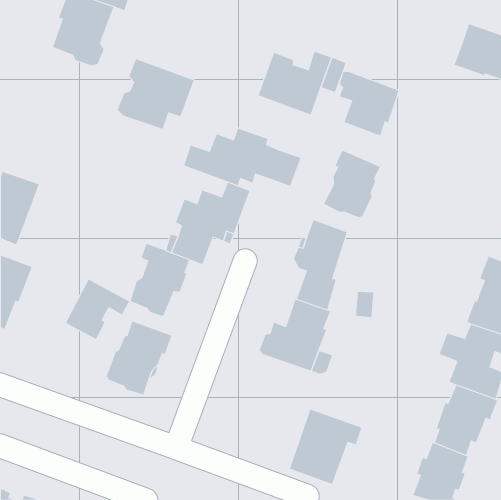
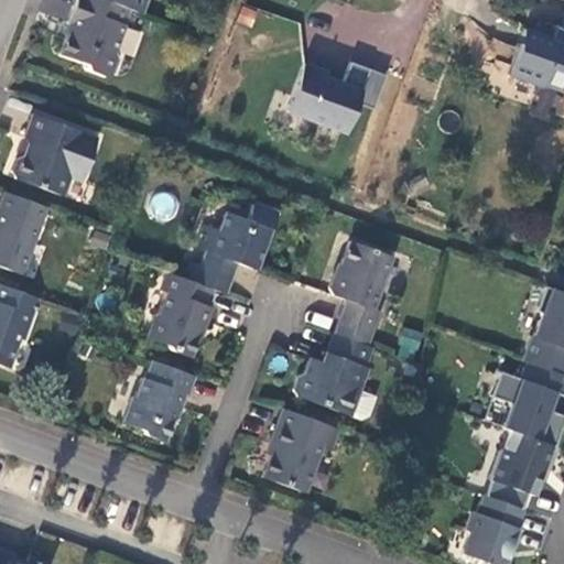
building: [117,59,195,129] -> [11,116,98,195]
building: [339,71,399,136] -> none
building: [183,128,301,186] -> none
building: [324,150,381,218] -> none
building: [65,279,130,340] -> none
building: [289,409,362,485] -> [257,408,338,492]

